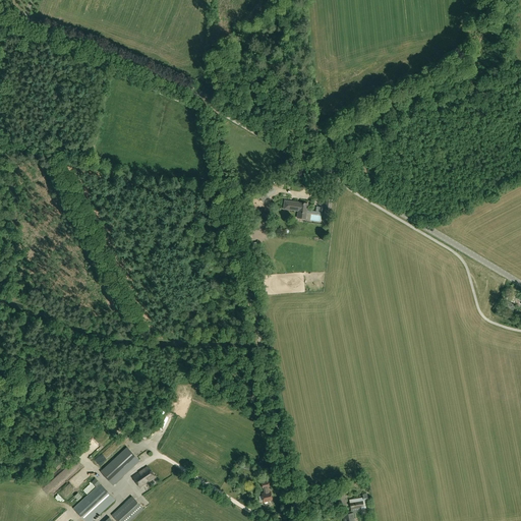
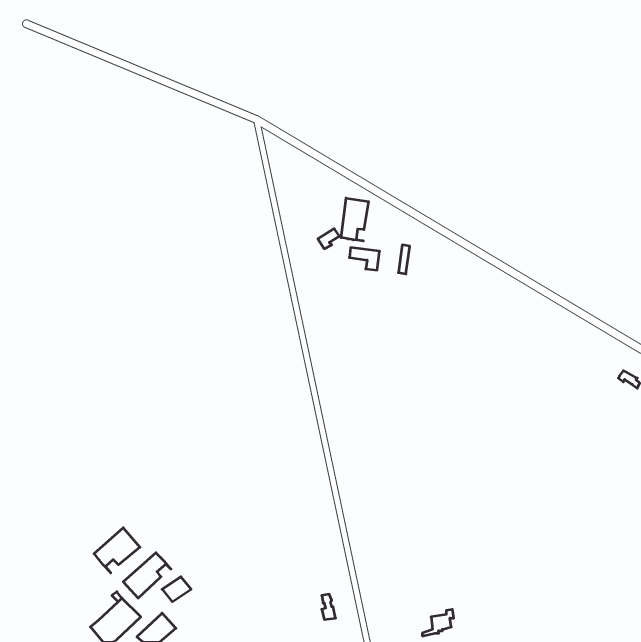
building: none -> [341,198,369,241]
building: none -> [94,528,140,573]

